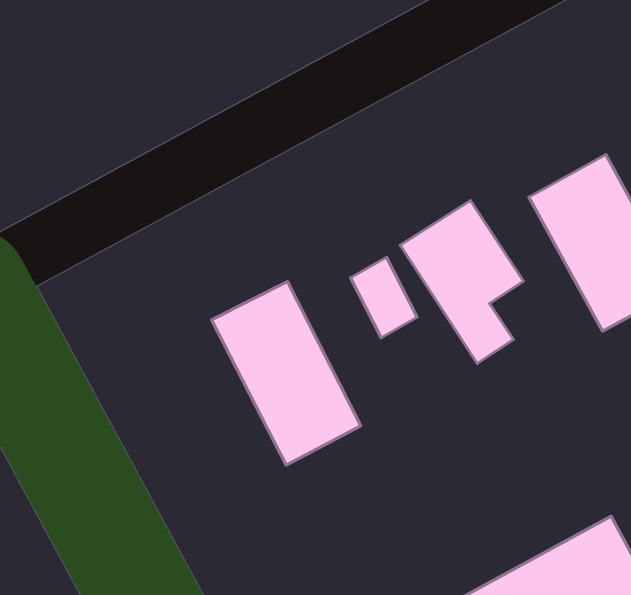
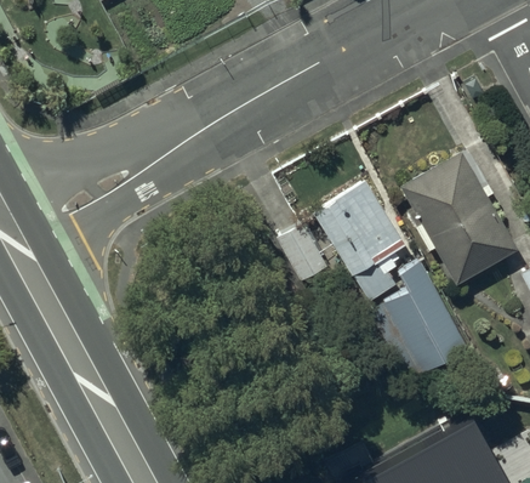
building: [212,281,361,465] -> none
building: none -> [374,266,467,375]

